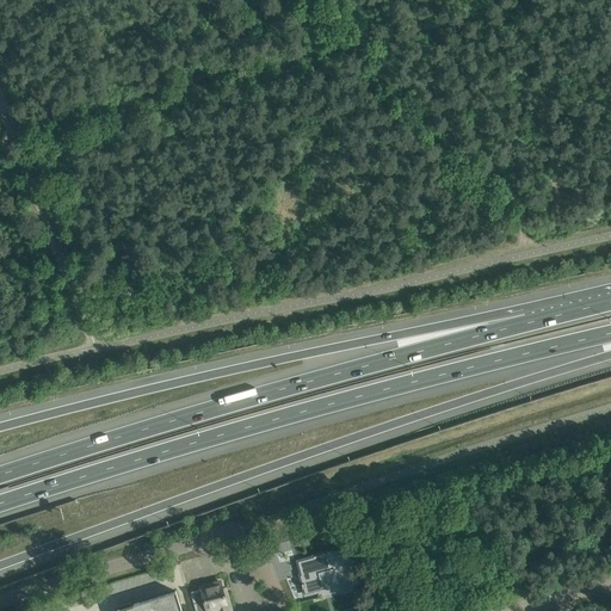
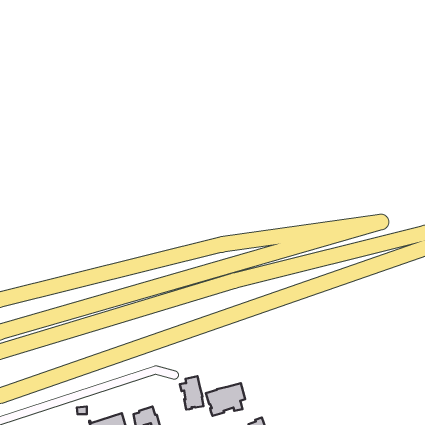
building: none -> [180,376,204,409]

